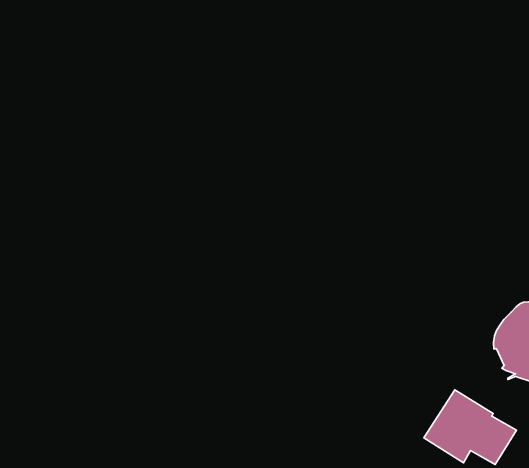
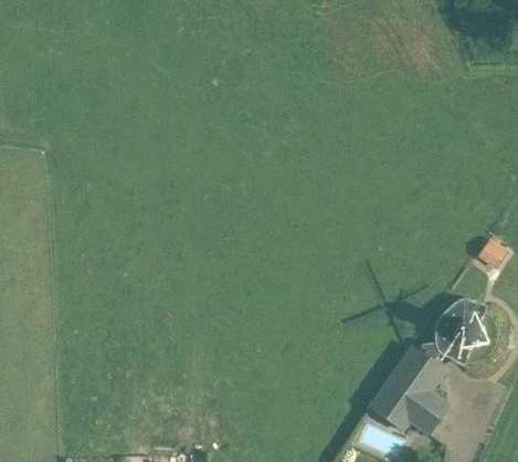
building: none -> [398,336,443,390]

